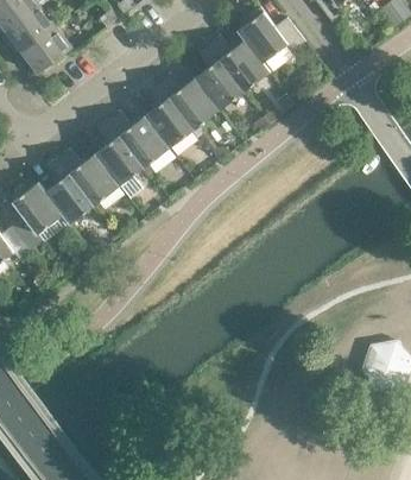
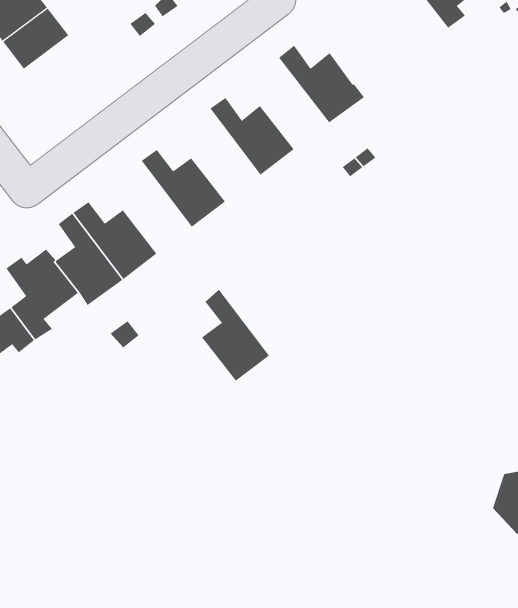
building: [235,7,303,63] -> none
building: [20,27,70,74] -> none
building: [192,44,242,110] -> none
building: [143,81,192,149] -> none
building: [93,119,143,187] -> [201,289,270,382]

